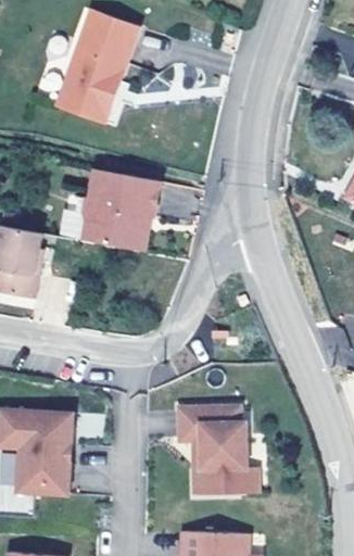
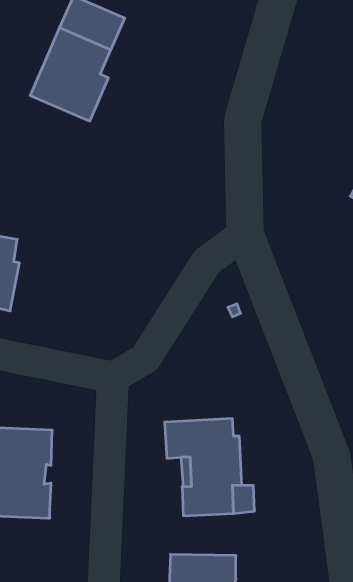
building: [81,173,157,253] -> none

